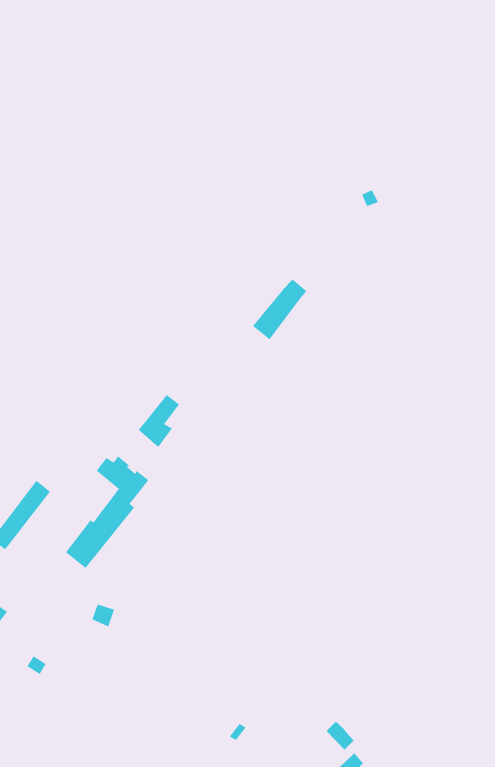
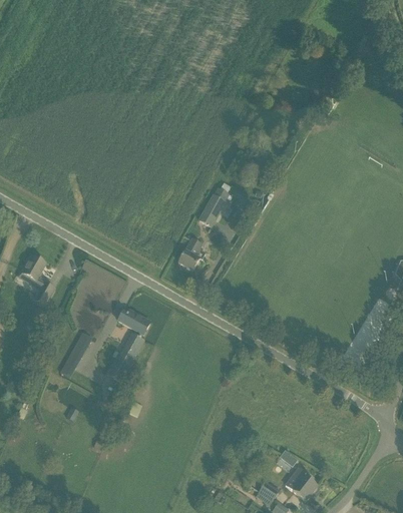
building: [138,394,180,448] -> [178,236,202,270]

